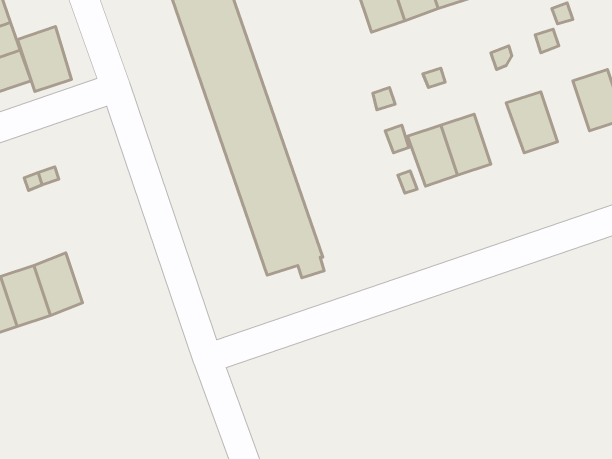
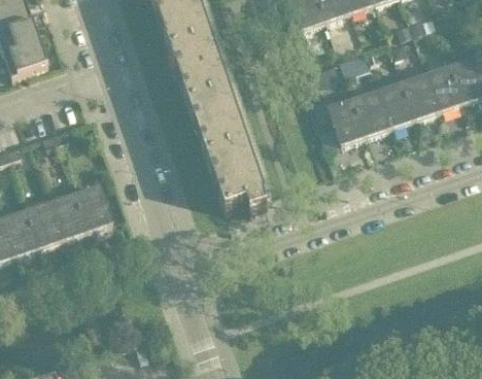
building: [17,26,71,92] -> none
building: none -> [427,64,463,109]
building: none -> [378,80,415,126]
building: none -> [75,183,113,229]

